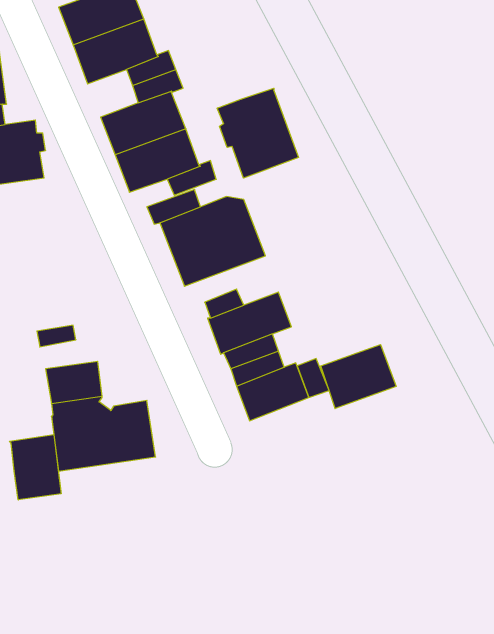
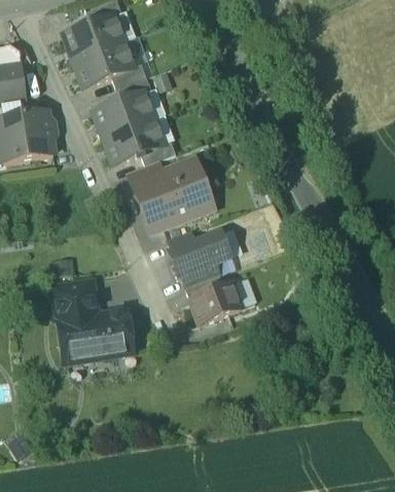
building: [217,88,298,178] -> none
building: [321,345,396,409] -> none
building: [10,434,61,500] -> none

